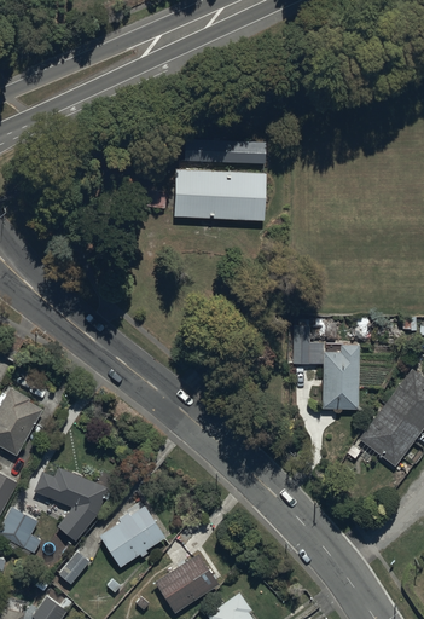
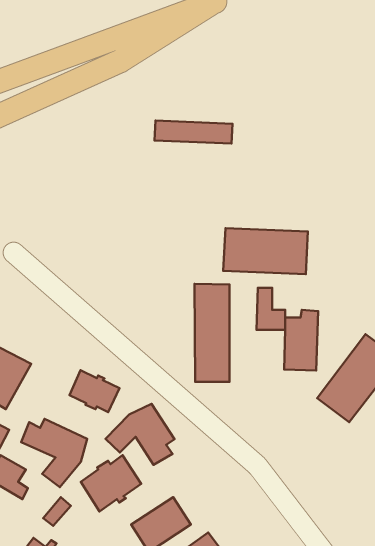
building: [174,169,267,220] -> [223,228,308,274]
building: none -> [194,284,230,382]
building: none -> [70,370,119,412]
building: none -> [105,404,175,465]

